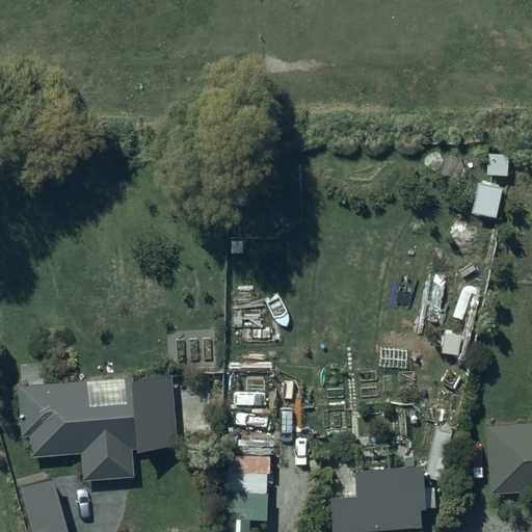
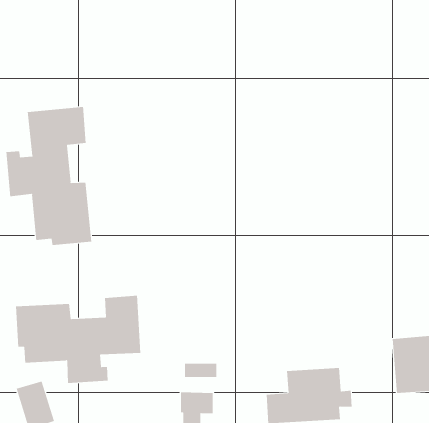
building: none -> [6,106,92,246]

